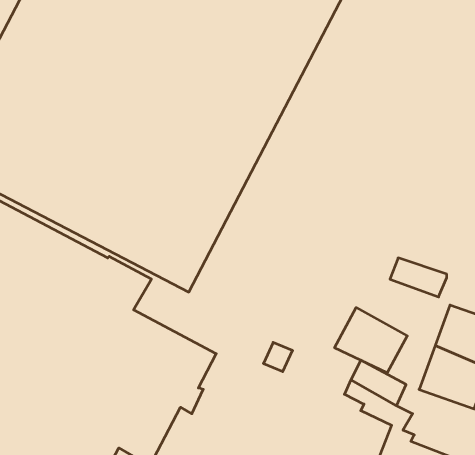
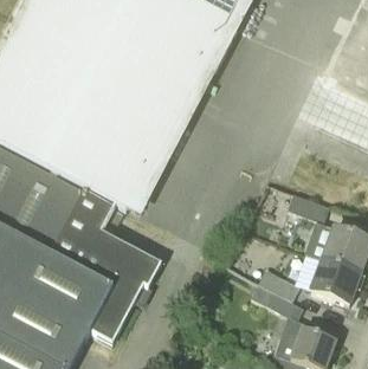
building: [335,308,407,373] -> none

